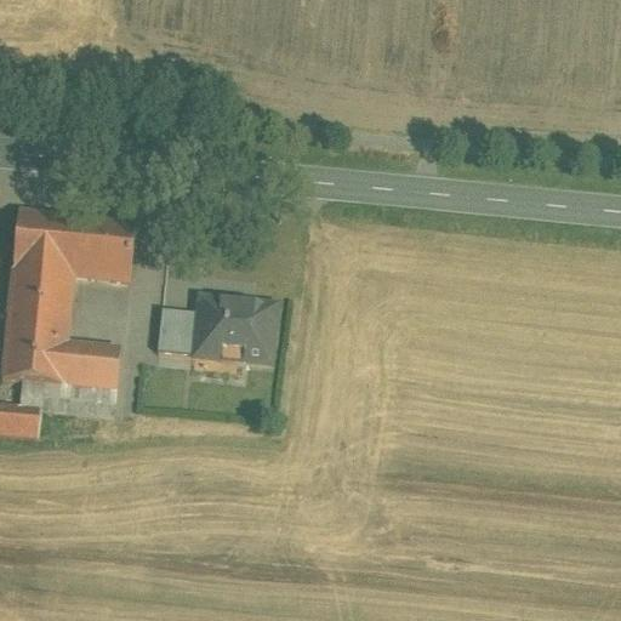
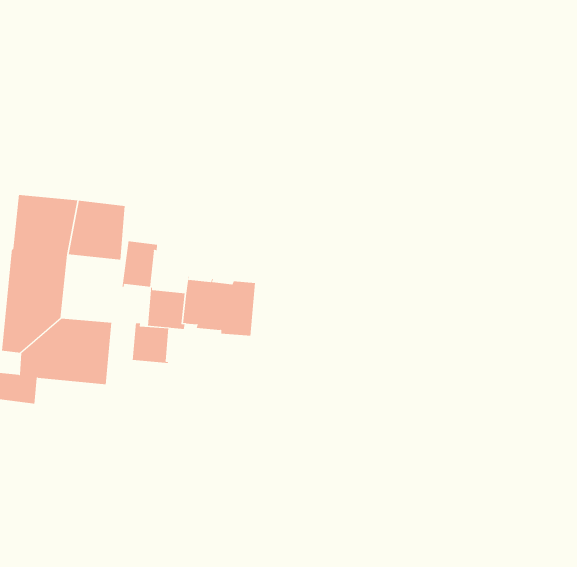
building: none -> [122,240,157,288]
building: none -> [132,323,169,364]

